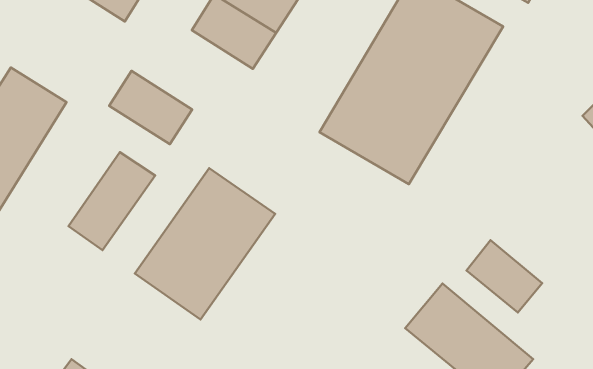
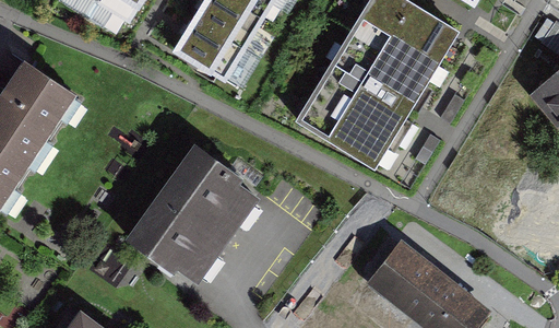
building: [109,71,192,144] -> [166,28,239,93]
building: [68,152,155,250] -> none
building: [467,240,542,312] -> none

